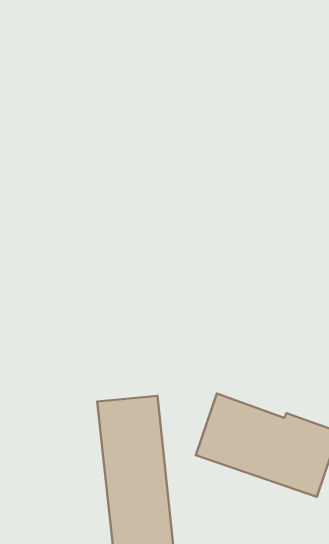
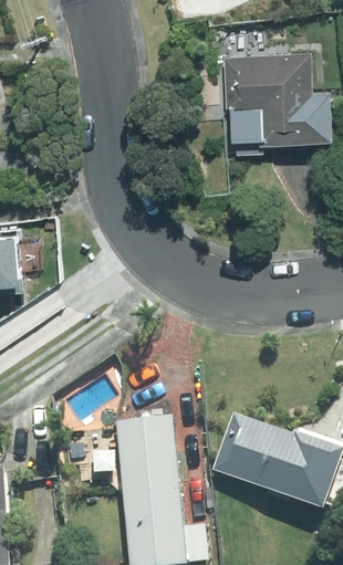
building: none -> [221,52,316,145]

